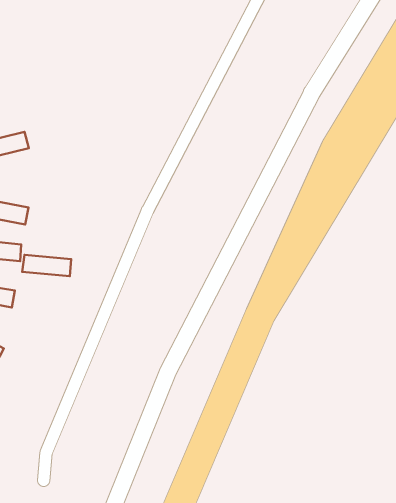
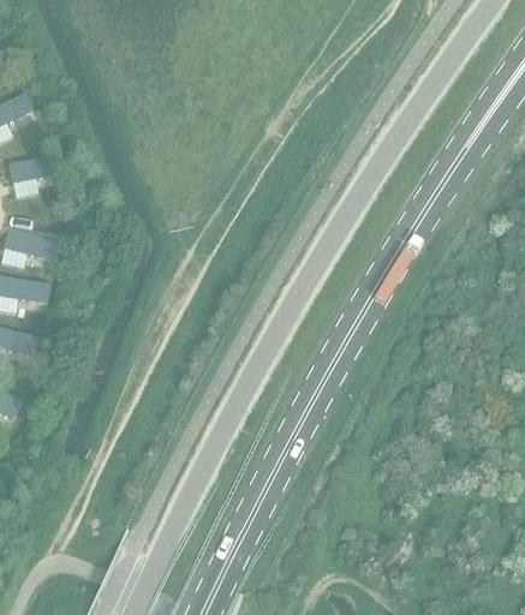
building: [22,255,71,276] -> none

